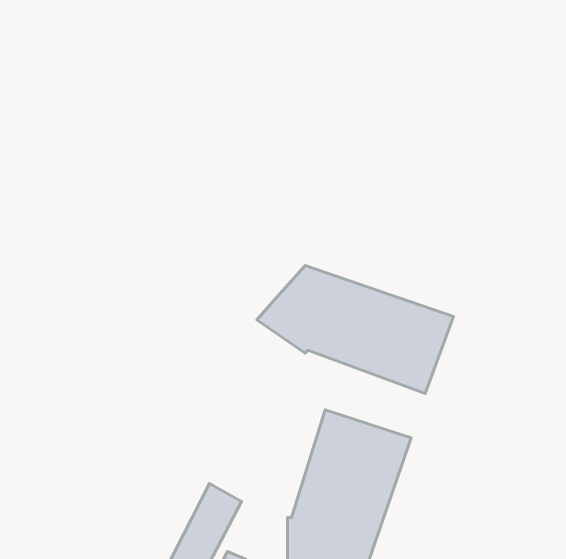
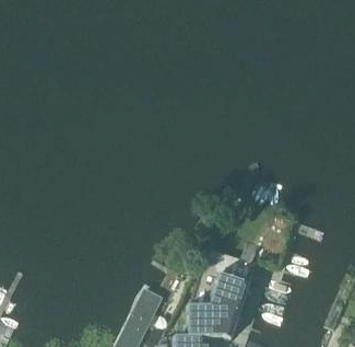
building: [257,266,453,393] -> none

